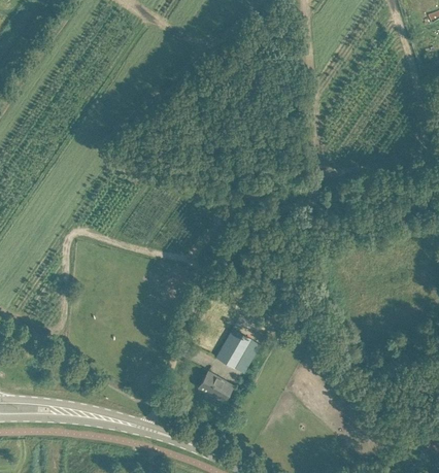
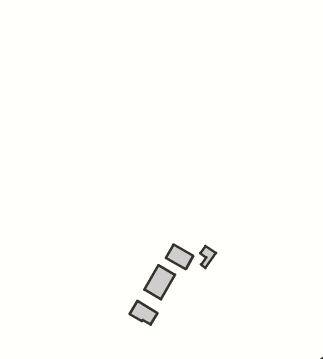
building: none -> [166,245,193,269]

